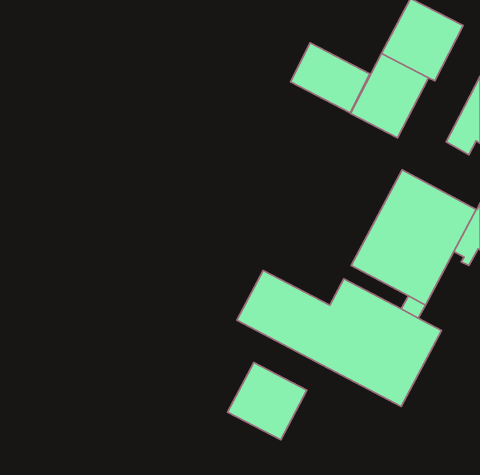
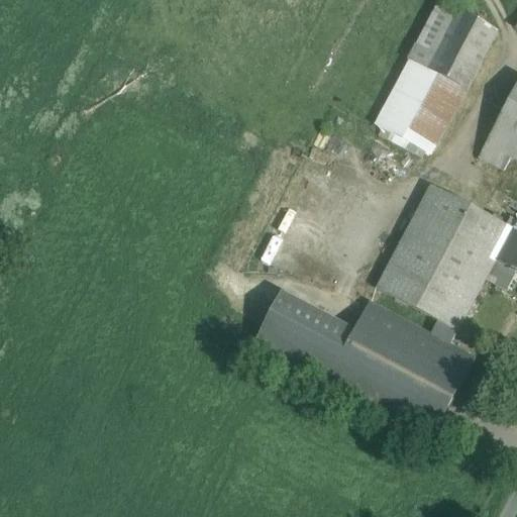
building: [290,43,370,113] -> none
building: [228,363,307,440] -> none

